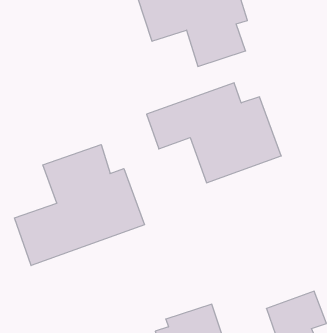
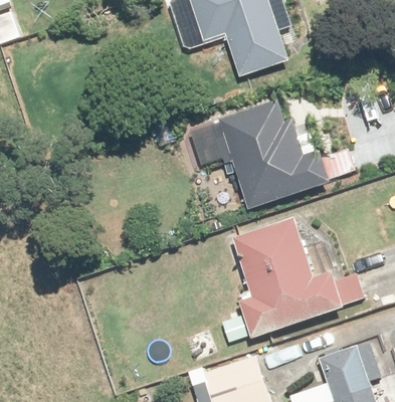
building: [15,145,145,266] -> none
building: none -> [227,217,346,338]

